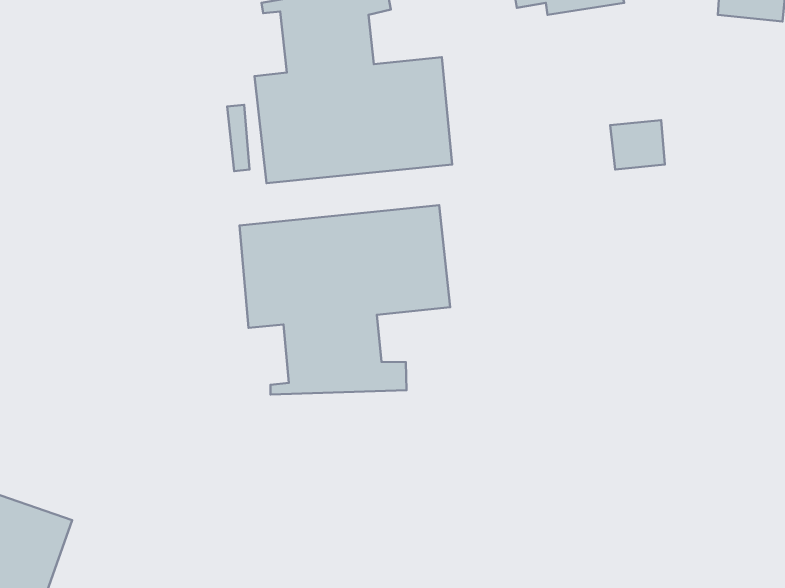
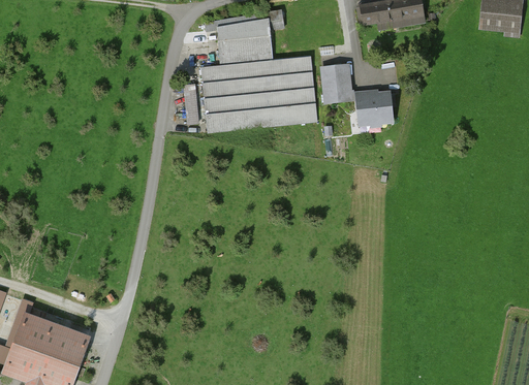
building: none -> [320,65,347,102]
building: [610,120,665,169] -> [356,94,390,124]
building: [239,205,450,395] -> none

